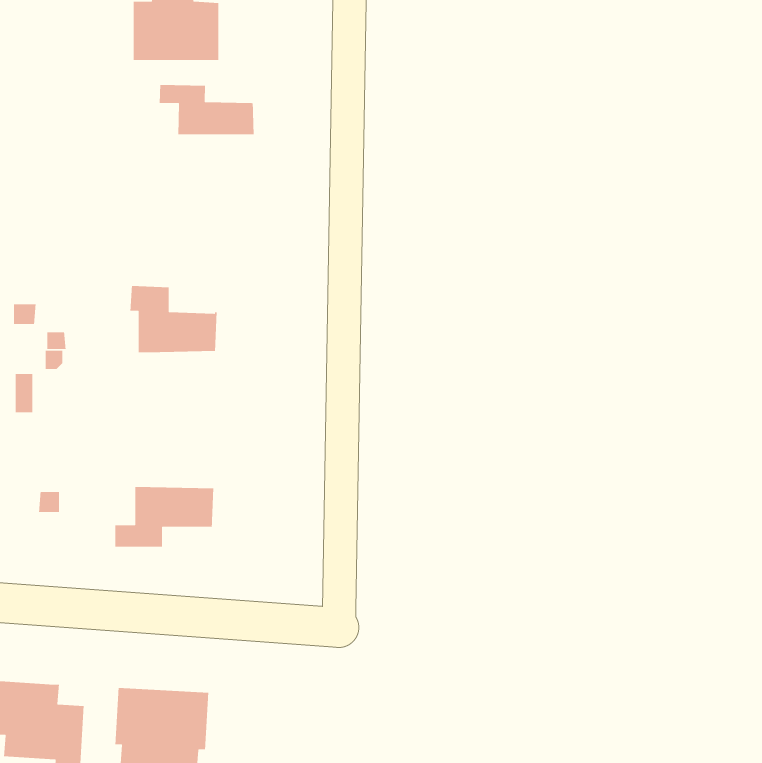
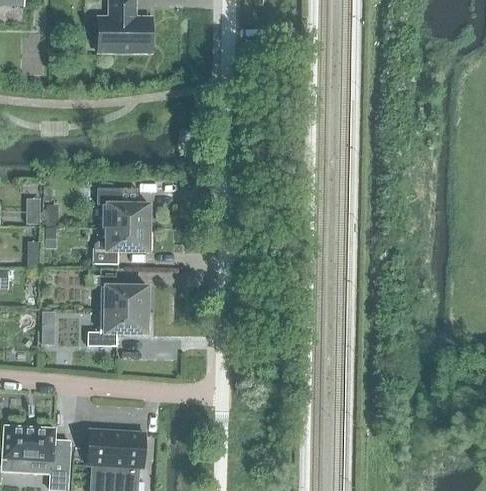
building: [159,84,254,135] -> none
building: none -> [94,227,149,263]
building: none -> [100,275,148,309]

